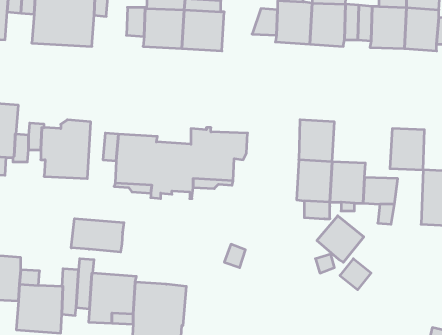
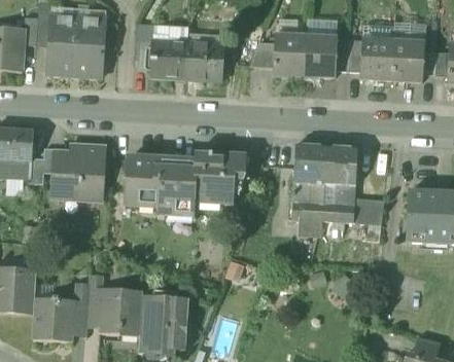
building: [390,129,424,170] -> [324,147,356,185]
building: [317,216,364,262] -> none
building: [71,219,124,252] -> none

